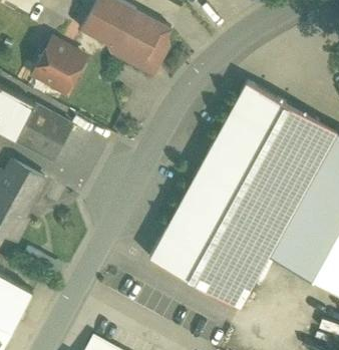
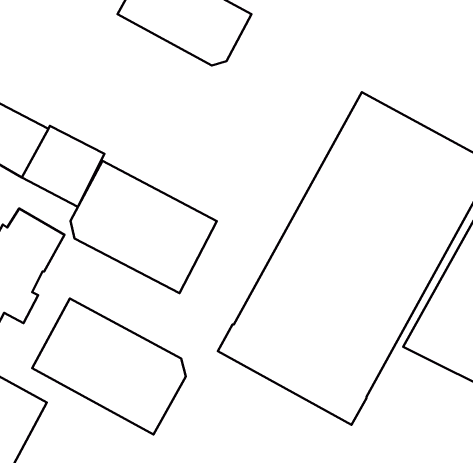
building: [34,39,86,92] -> none
building: none -> [70,161,217,293]
building: none -> [32,298,186,434]

